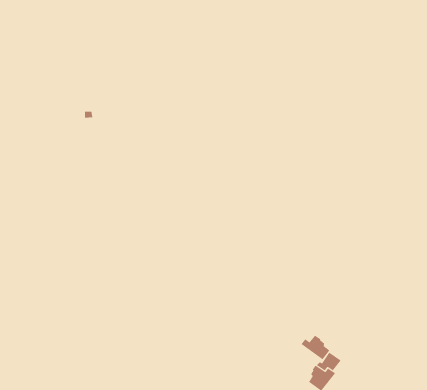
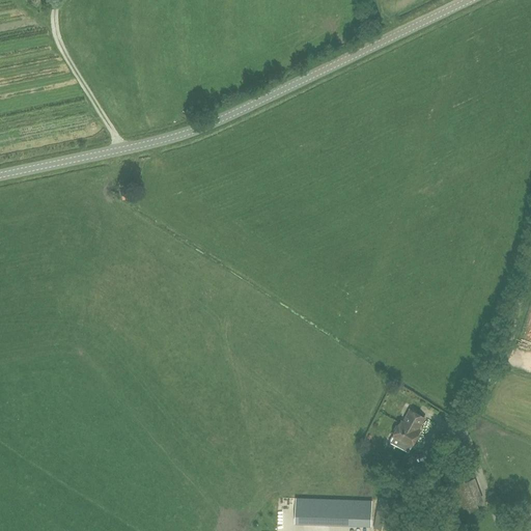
building: [301,335,330,360] -> none

